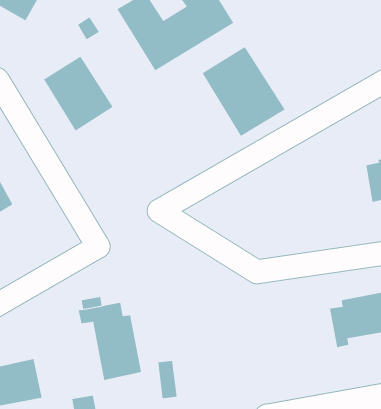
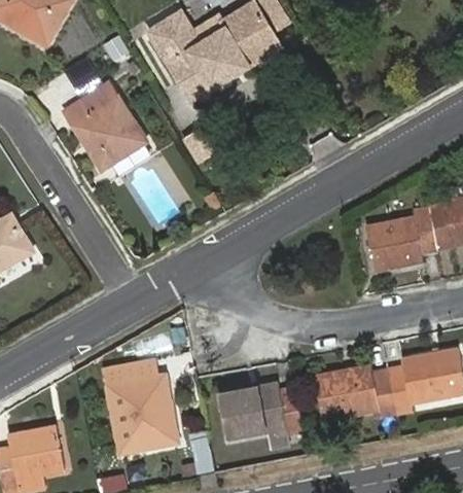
building: [202,46,285,137] -> none
building: none -> [367,207,437,270]
building: none -> [314,365,396,419]
building: none -> [221,383,302,437]

